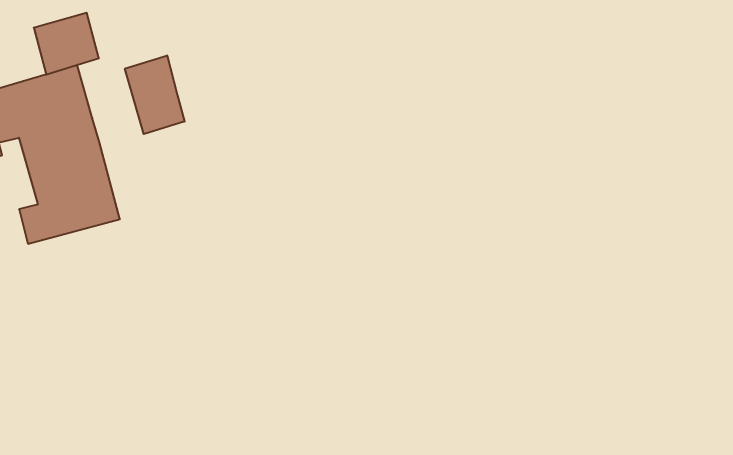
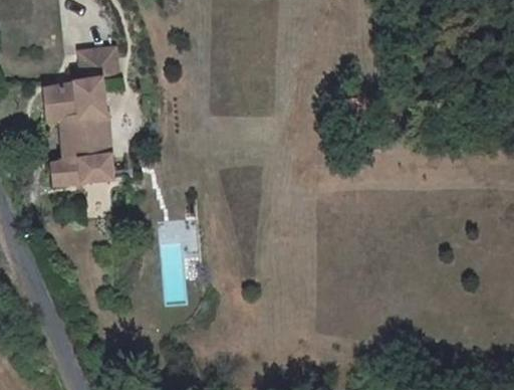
building: [125,55,185,134] -> none

